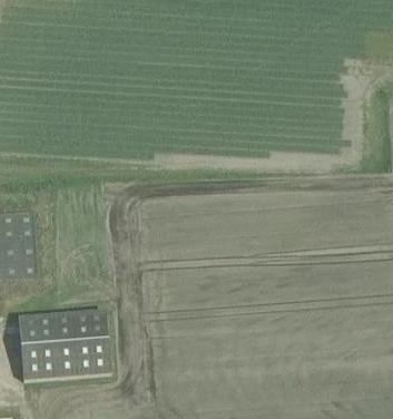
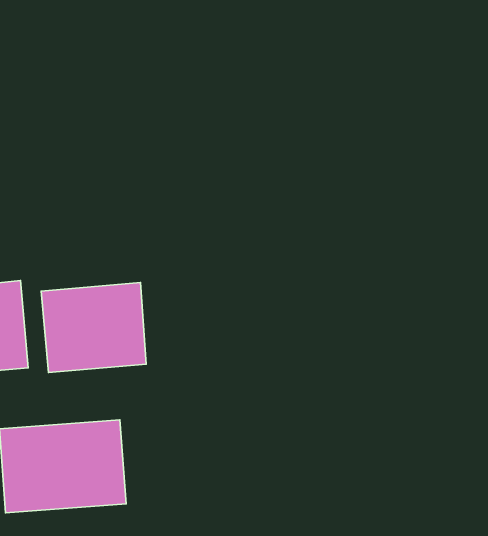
building: none -> [41,283,146,373]

